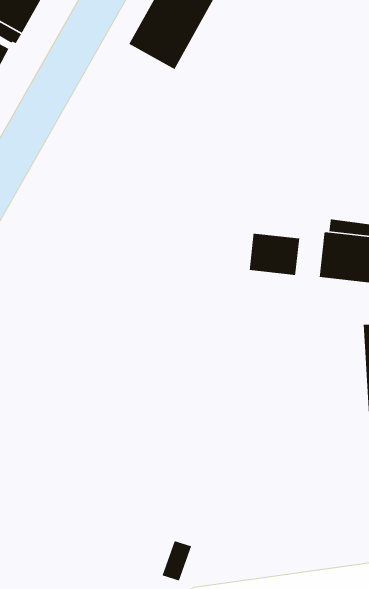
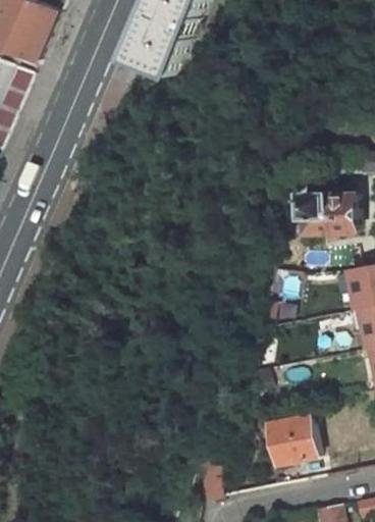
building: [249,233,300,276] -> none
building: none -> [271,417,316,467]

